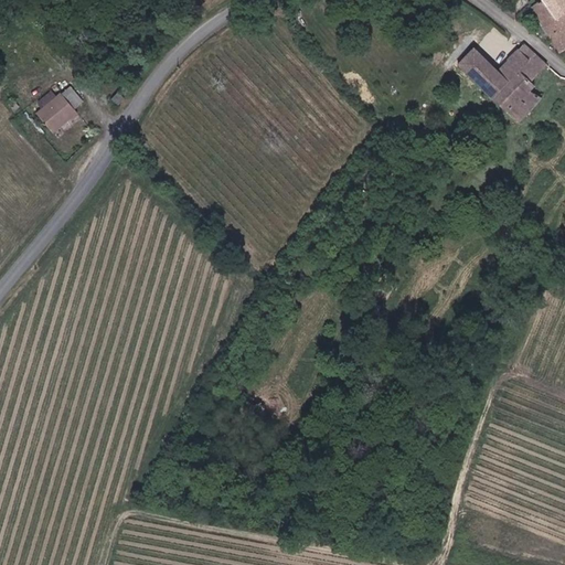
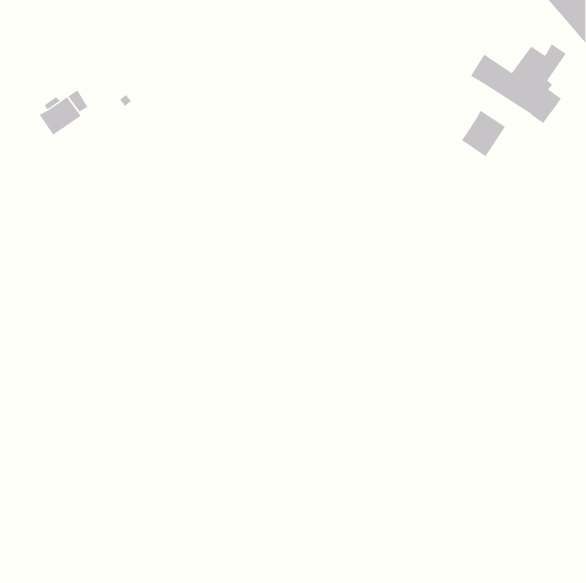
building: none -> [461,110,506,157]

